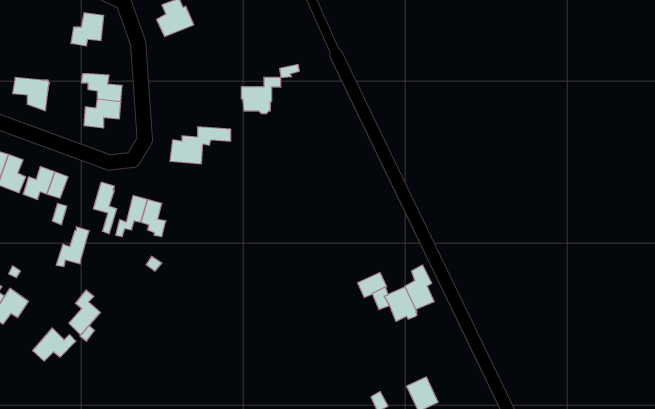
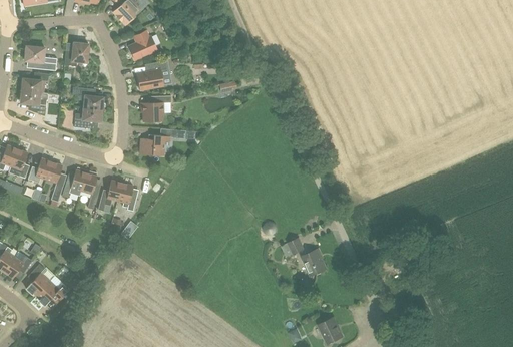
building: none -> [24,45,56,70]
building: none -> [136,60,165,90]
building: none -> [21,72,48,92]
building: [241,78,281,113] -> [140,95,170,122]
building: [56,227,89,267] -> [61,166,86,197]
building: [405,265,434,309] -> none
building: [69,290,101,335] -> [25,263,49,297]

